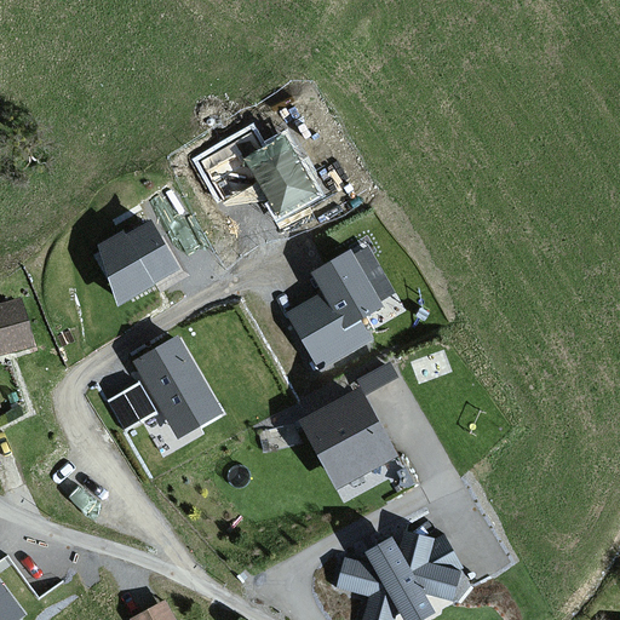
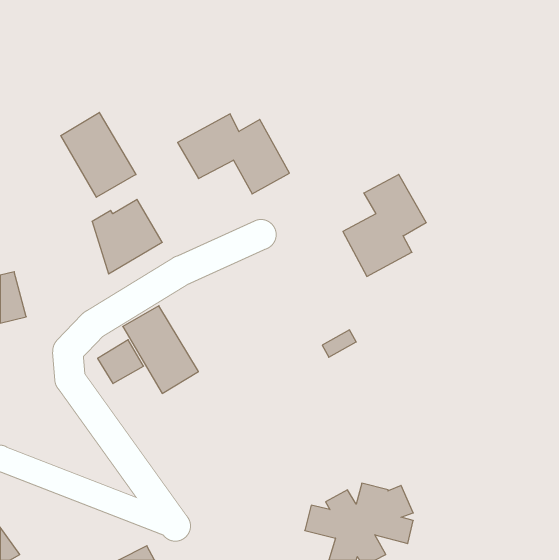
building: none -> [61,112,136,197]
building: [291,251,383,363] -> [343,174,426,276]
building: [297,394,388,494] -> none

